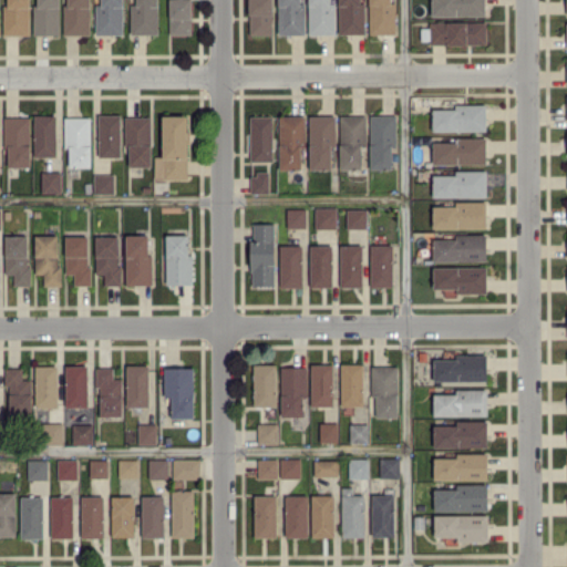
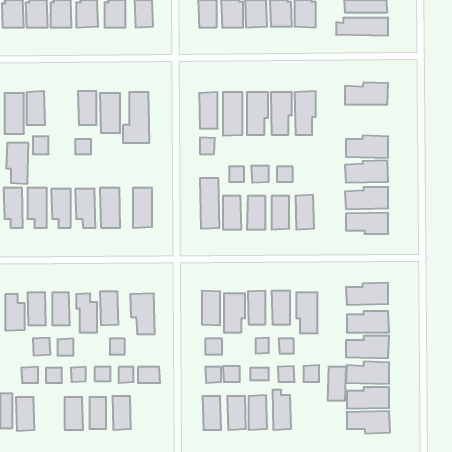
building: [63,117,91,168] -> [6,143,28,184]
building: [432,138,486,165] -> none
building: [171,491,194,537] -> none
building: [371,495,394,537] -> [328,367,346,401]
building: [50,497,73,538] -> none

